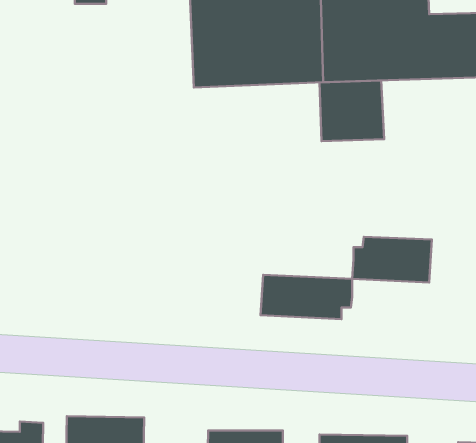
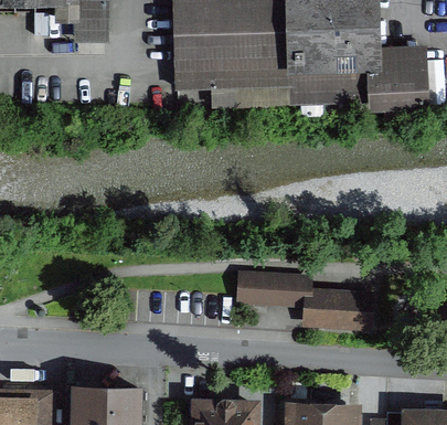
building: [319,80,384,141] -> none
building: [352,237,432,283] -> [304,288,371,327]

